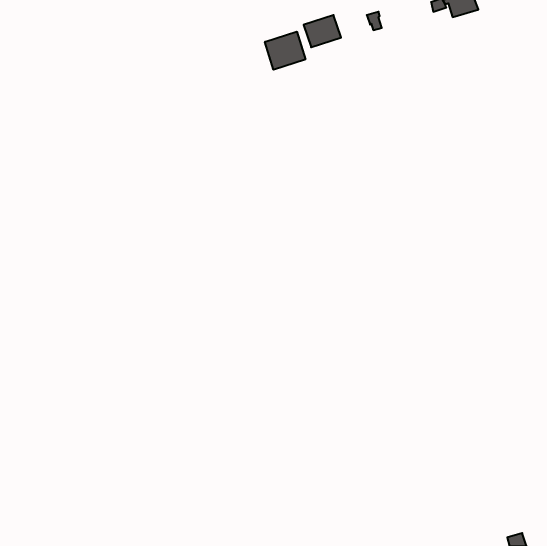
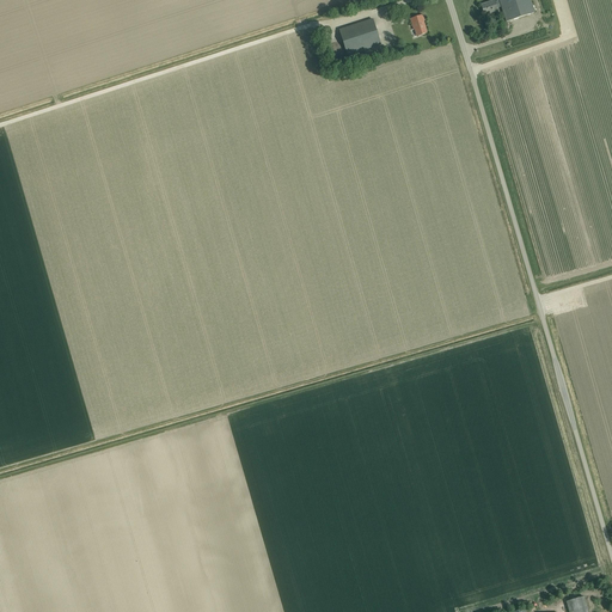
building: [265,32,305,70] -> none

